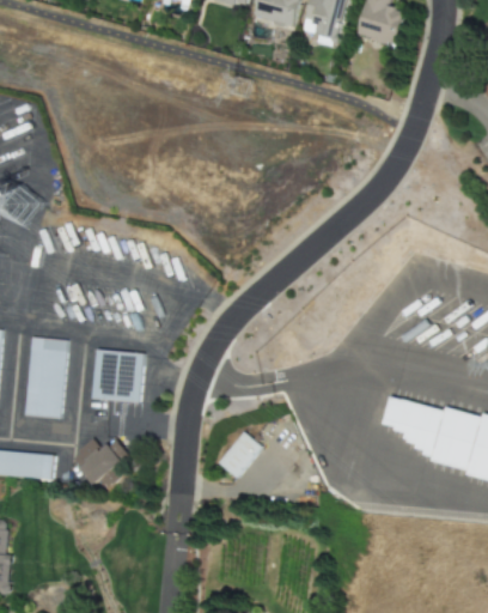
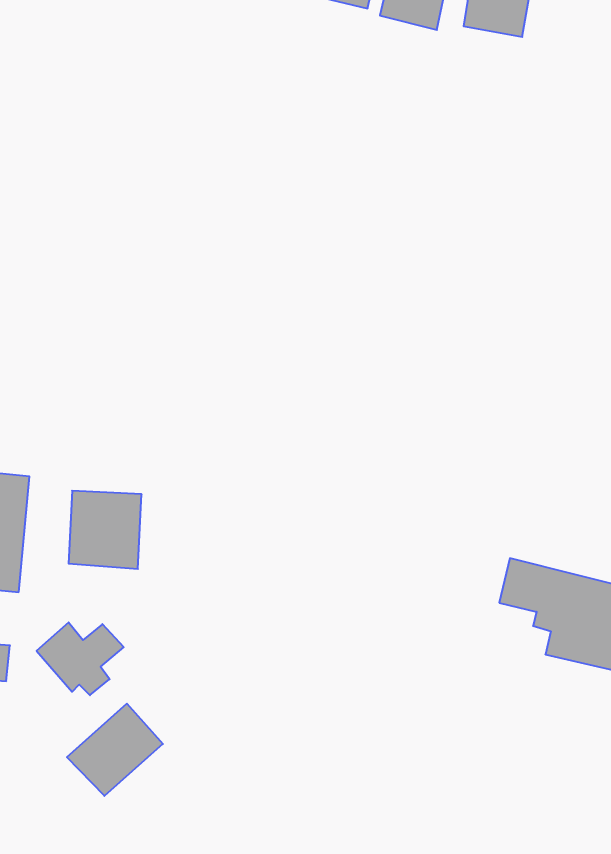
building: [218,431,262,478] -> none
building: none -> [67,704,163,796]

